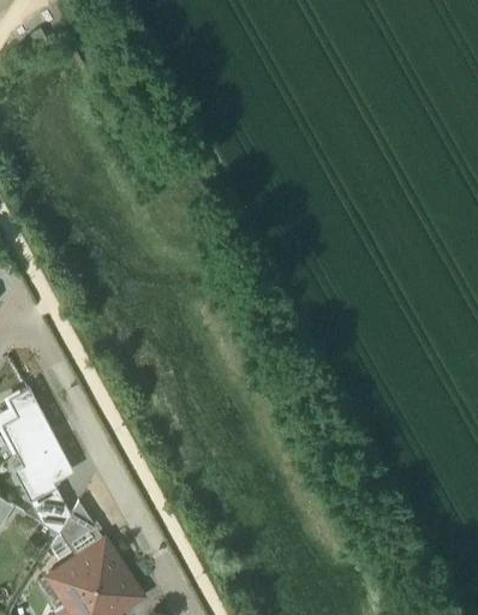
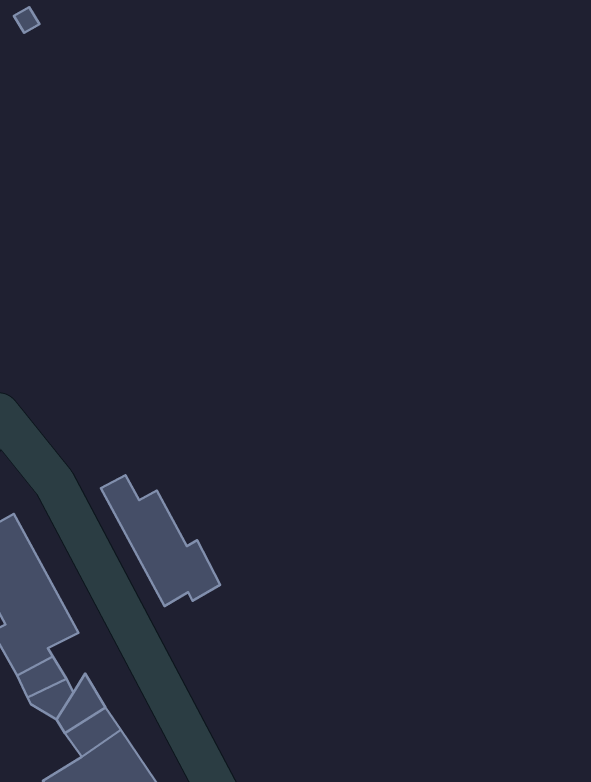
building: none -> [101,475,220,606]

